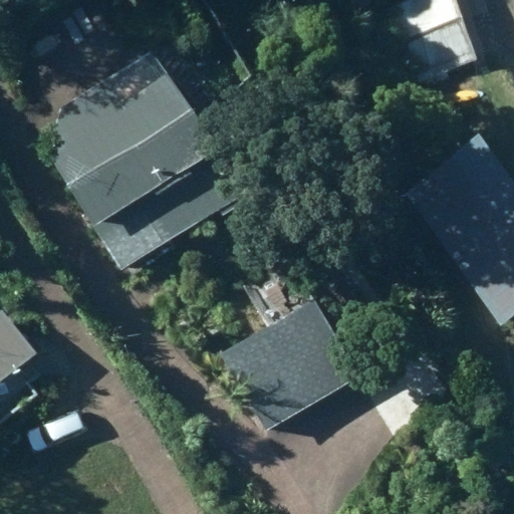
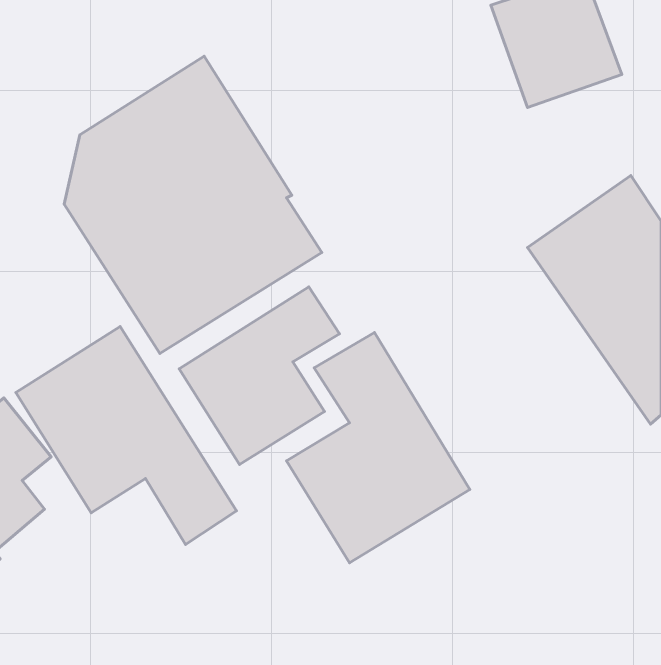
building: none -> [179,287,340,464]
building: none -> [16,327,236,545]

